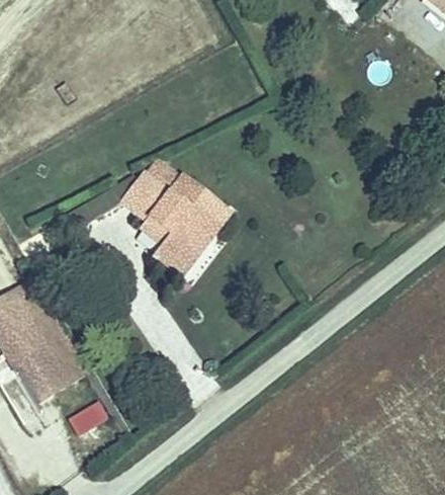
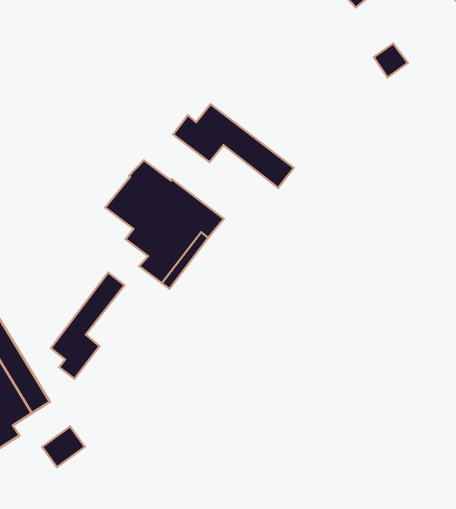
building: none -> [173,104,294,188]
building: none -> [51,273,124,379]

